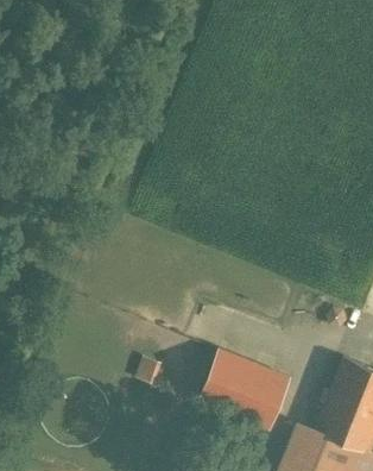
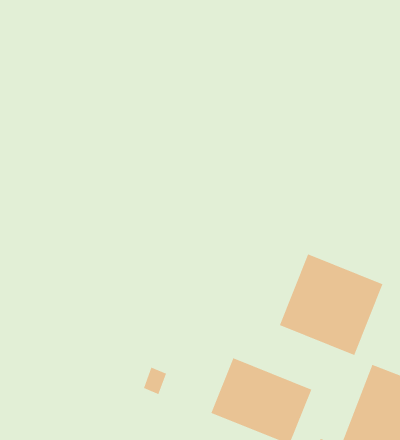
building: none -> [279,254,383,356]

